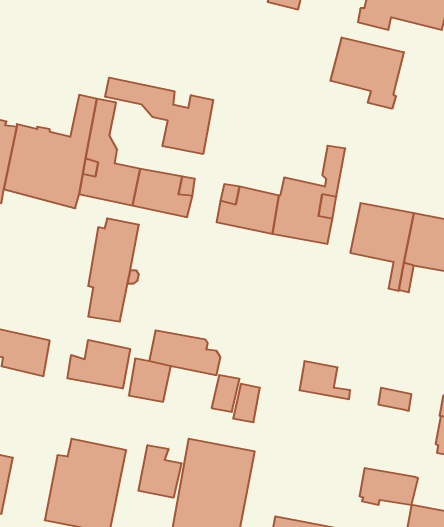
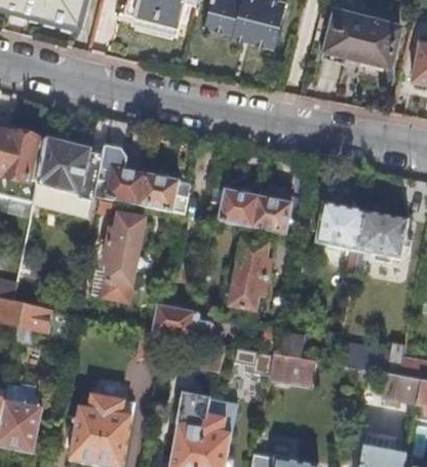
building: [331,37,404,109] -> none
building: [105,78,213,154] -> none
building: none -> [229,239,271,310]
building: [67,340,130,389] -> none
building: [138,445,182,498] -> none
building: [359,468,418,505] -> [269,353,316,383]

